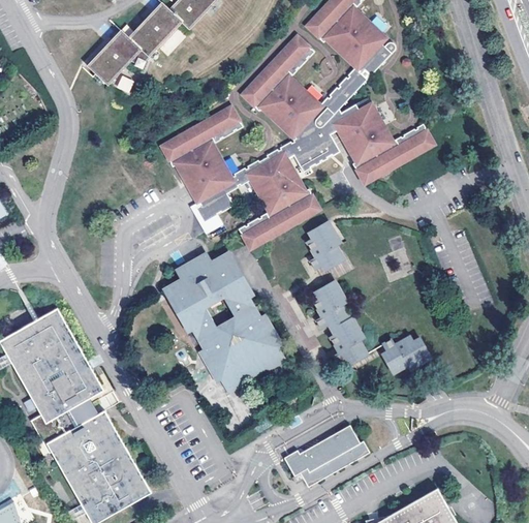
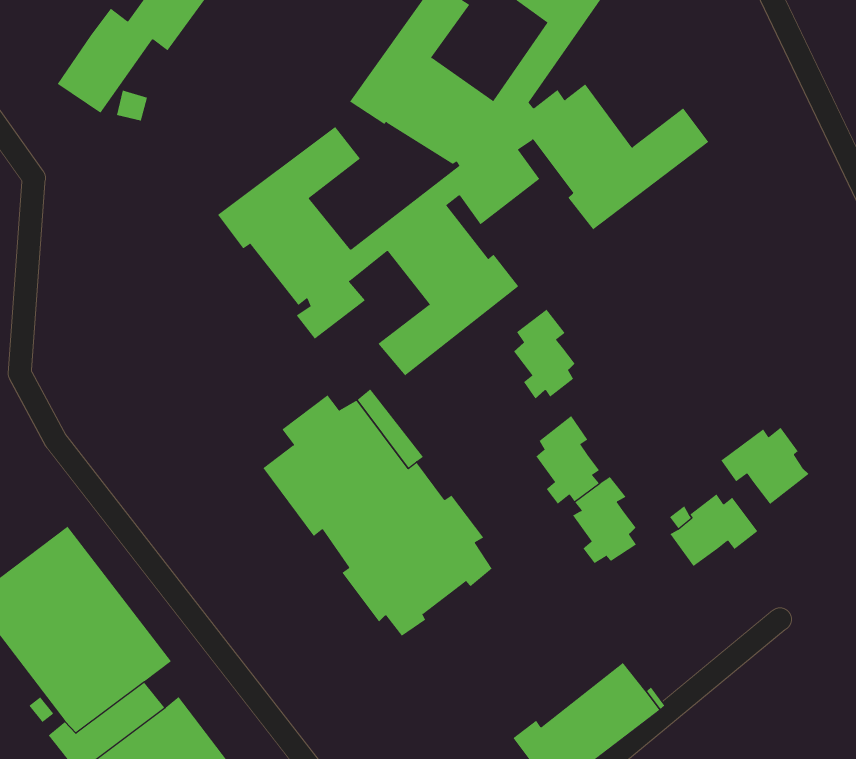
building: none -> [721,427,810,505]

